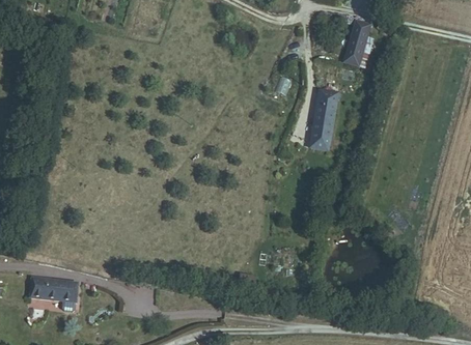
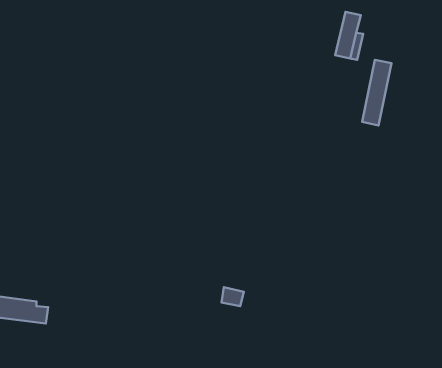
building: [316,94,342,152] -> [362,60,391,125]

